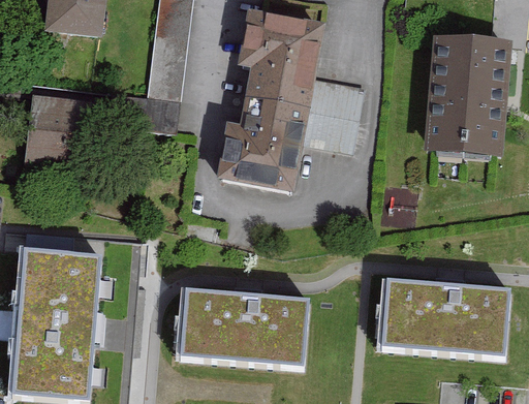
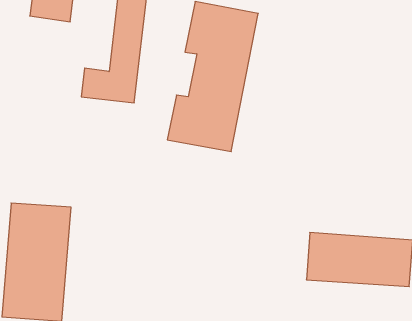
building: [427,35,507,151] -> none
building: [27,94,90,159] -> none
building: [179,291,310,366] -> none

